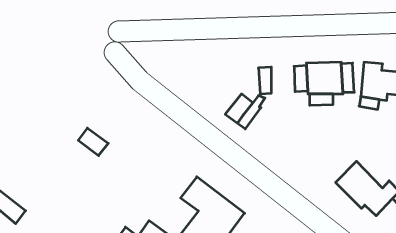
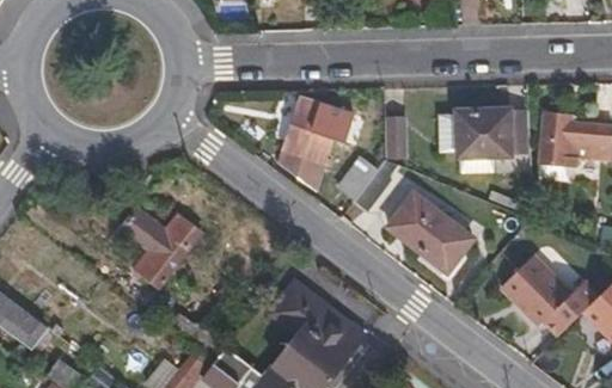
building: none -> [277,97,341,191]
building: none -> [388,193,472,270]
building: none -> [136,214,200,285]

